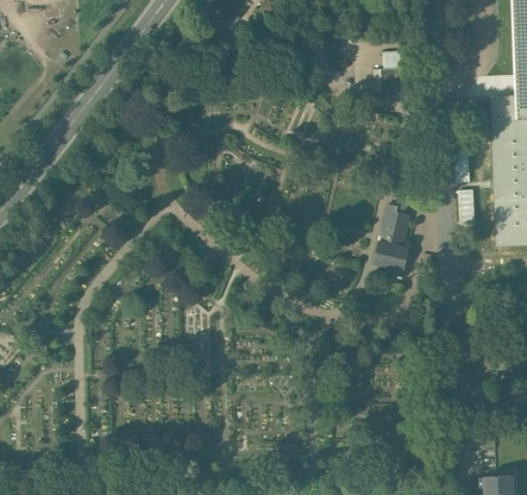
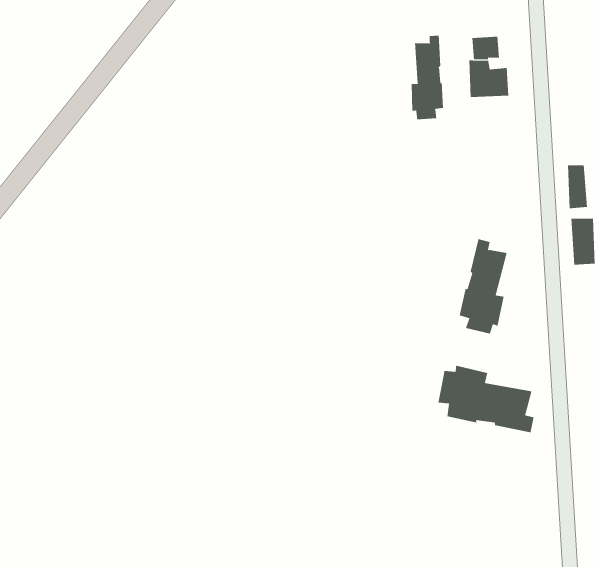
building: none -> [411,35,443,120]
building: none -> [438,365,534,433]

